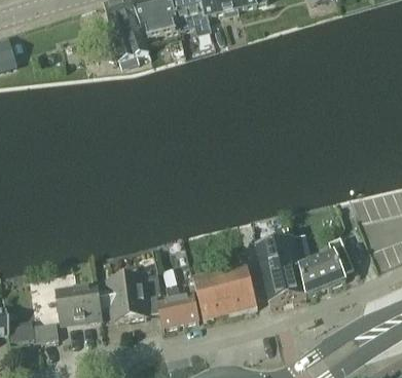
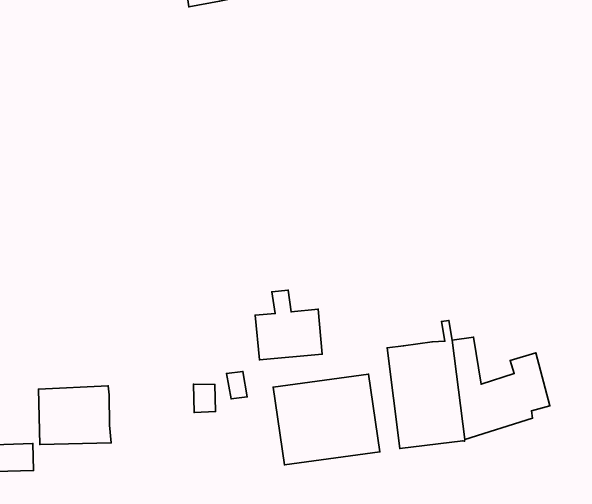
building: [97,274,146,319] -> none
building: [157,286,198,328] -> [255,290,322,360]

